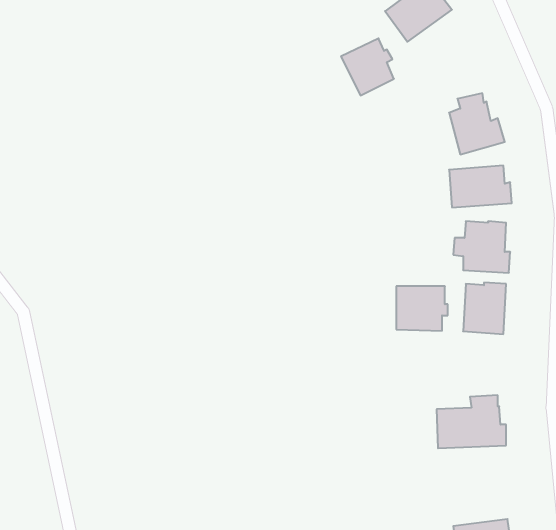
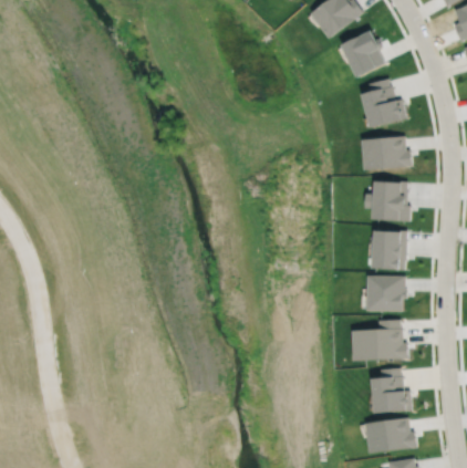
building: [341,38,394,95] -> [342,30,384,75]
building: [396,286,448,331] -> [366,275,407,311]
building: none -> [373,367,412,413]

